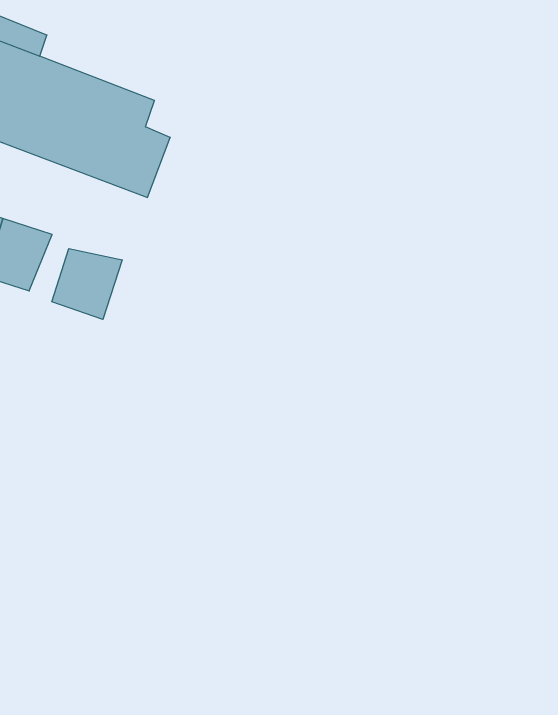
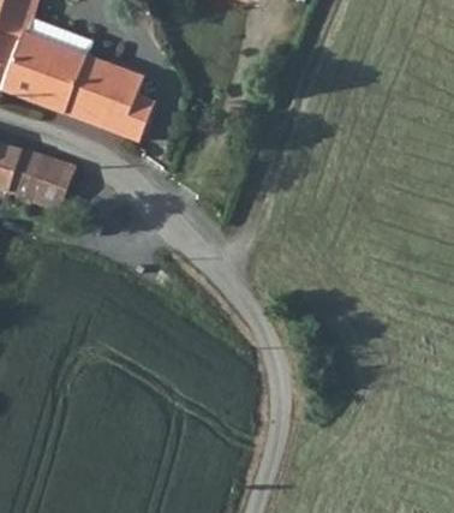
building: [52,249,122,319] -> none

